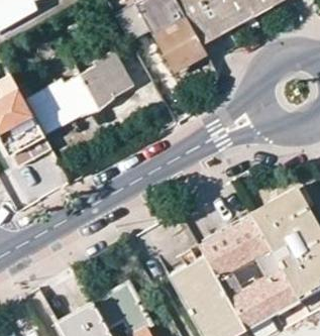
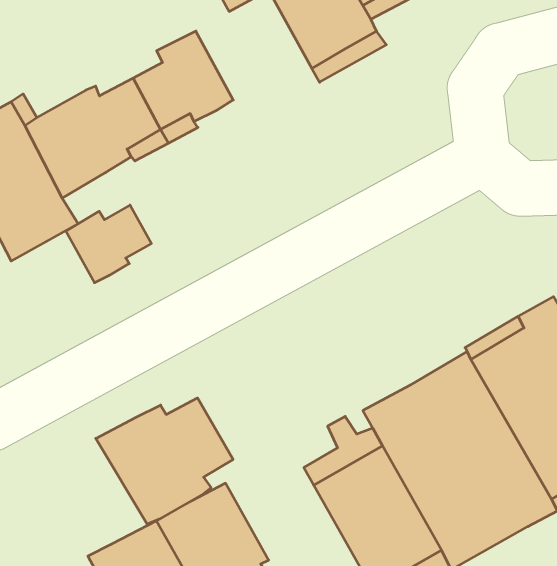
building: none -> [66,205,151,283]
building: none -> [96,398,233,524]

